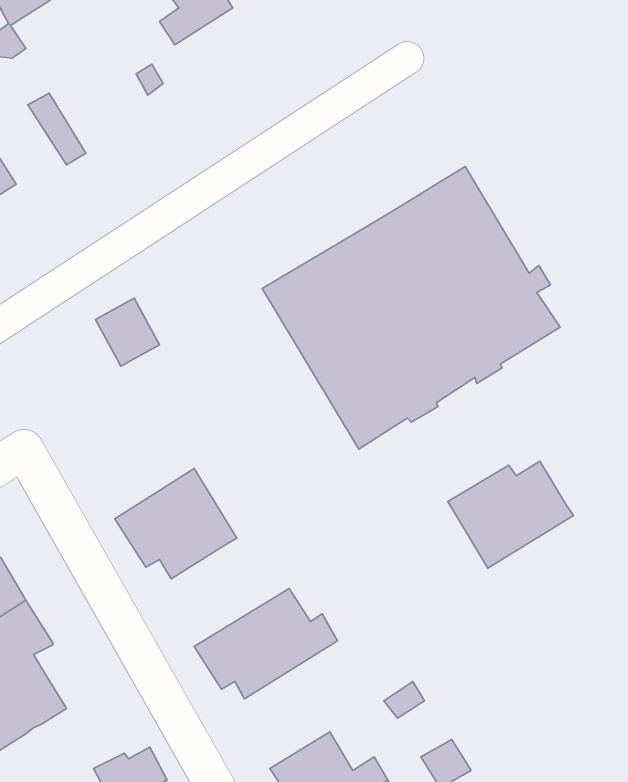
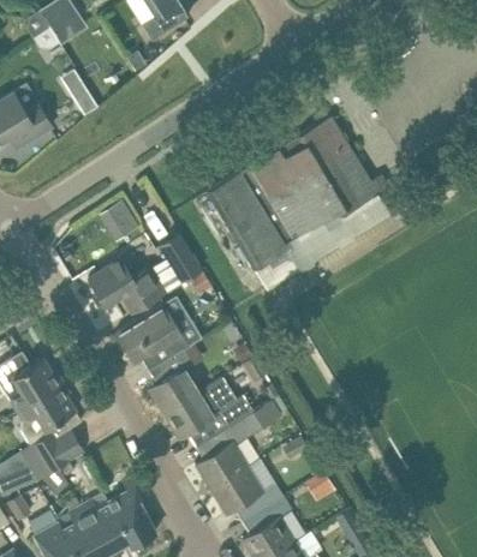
building: none -> [159,234,201,281]
building: none -> [88,259,166,315]
building: [448,461,574,568] -> none
building: none -> [148,352,201,414]
building: none -> [195,396,286,490]

